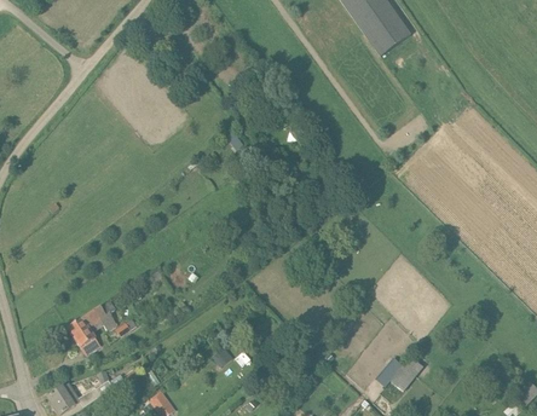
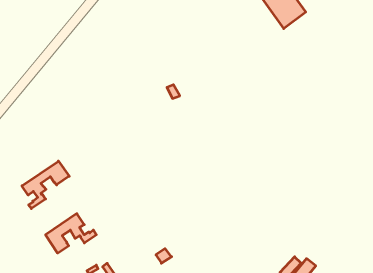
building: none -> [22,161,69,209]

